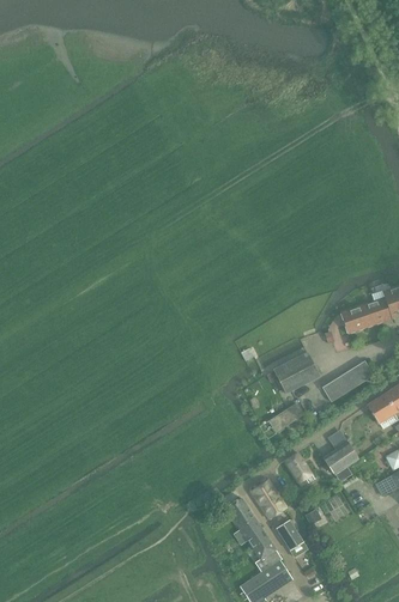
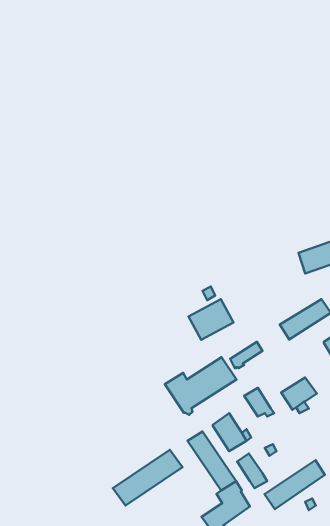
building: [273,352,320,394] -> [189,299,234,340]
building: none -> [165,357,236,415]
building: none -> [113,450,182,505]
building: none -> [264,460,325,509]

